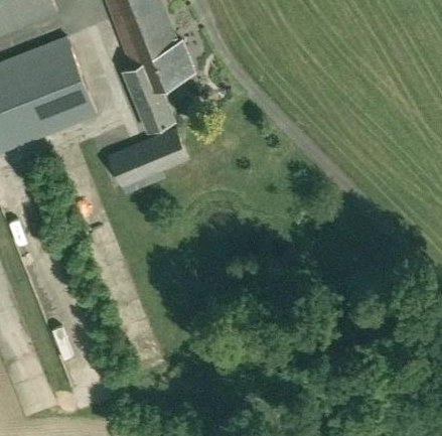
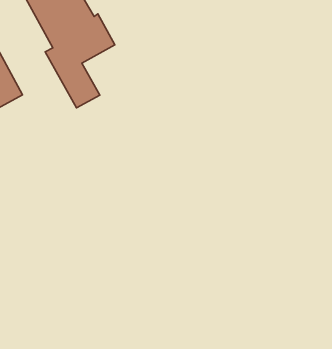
building: [109,131,188,188] -> none

